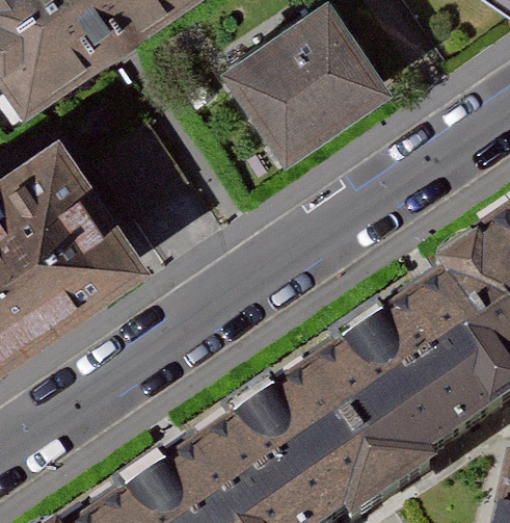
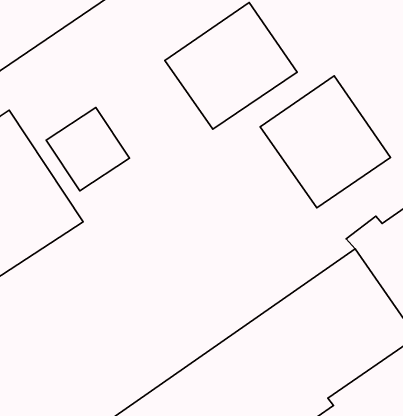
building: none -> [260,76,391,208]

